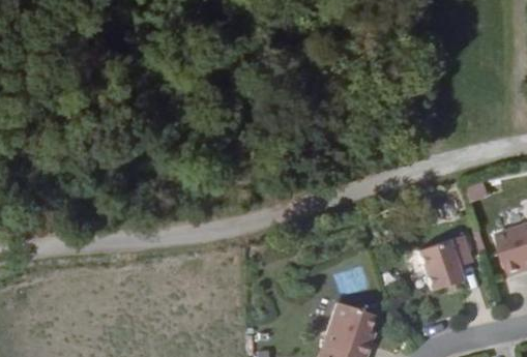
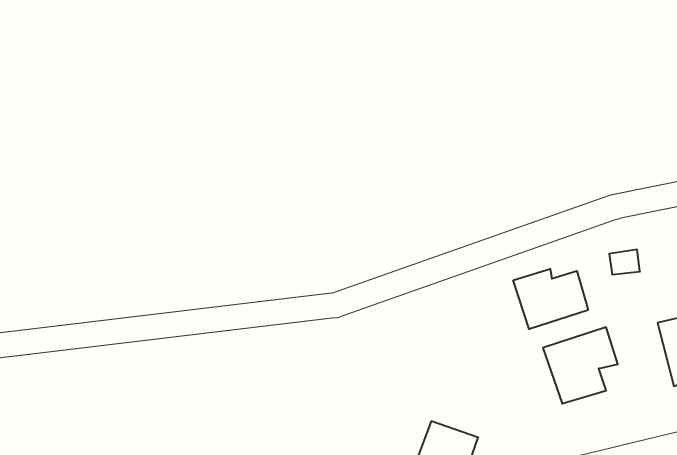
building: none -> [513,269,588,329]

